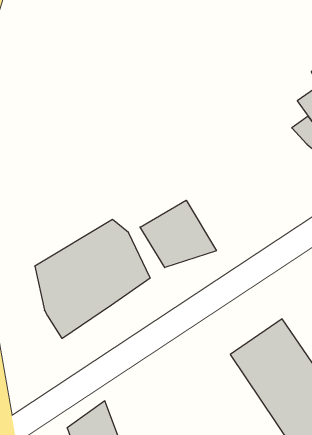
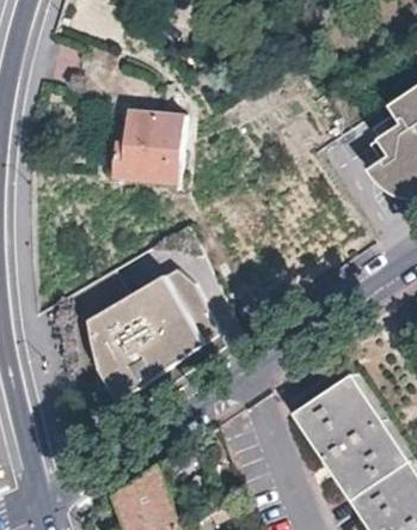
building: none -> [115,110,186,183]
building: [140,200,216,268] -> none

